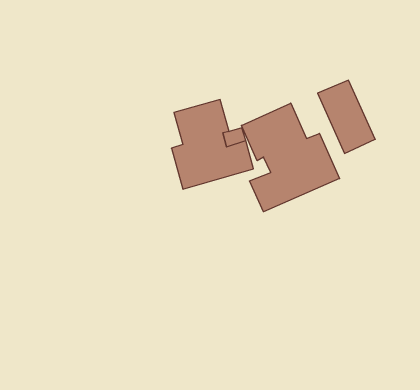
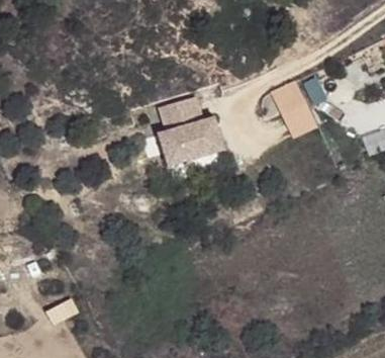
building: [241,103,340,212] -> none

